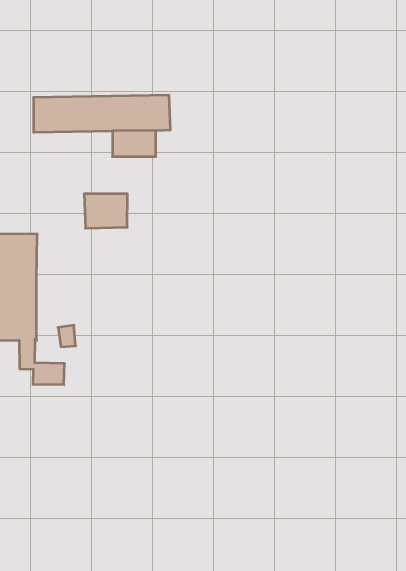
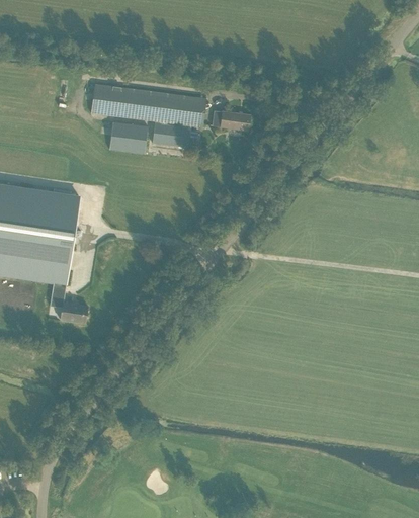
building: none -> [212,110,249,132]
building: [84,194,127,228] -> [108,120,147,153]

